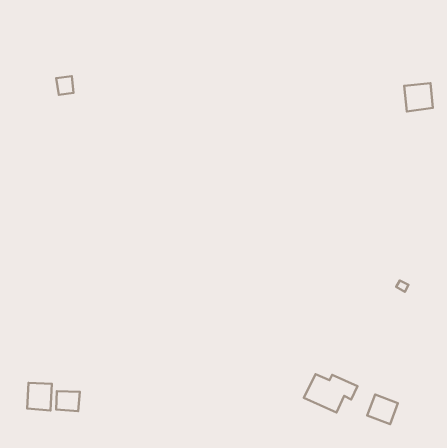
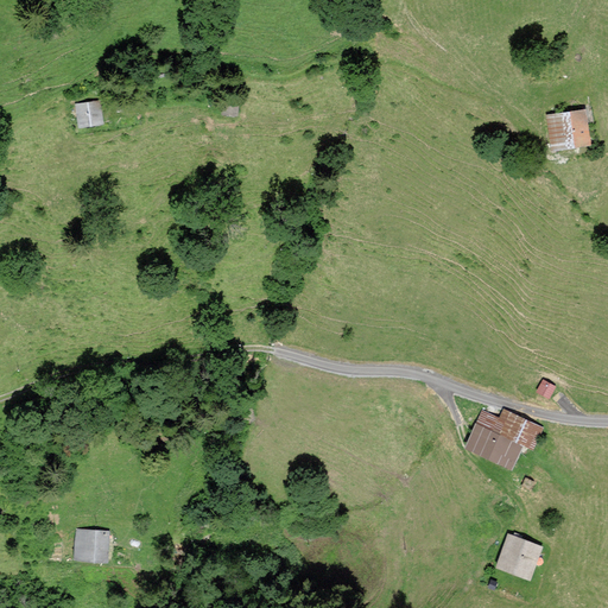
building: [304,374,357,413] -> [467,411,539,463]
building: [27,383,52,410] -> none

